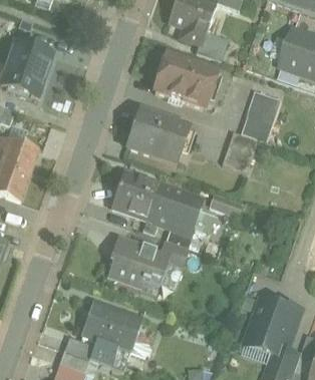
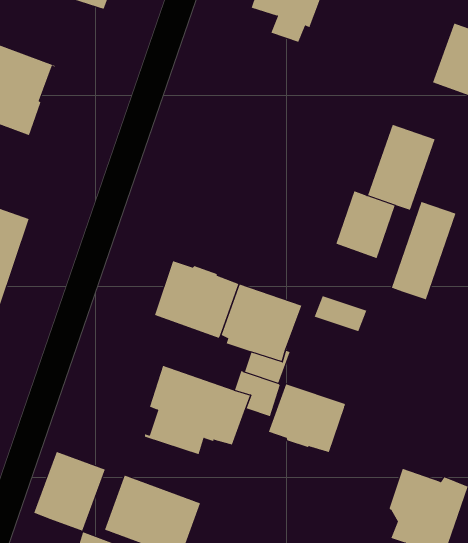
building: [200,30,228,59] -> none
building: [153,53,217,107] -> none
building: [128,110,191,162] -> none
building: none -> [391,201,456,300]
building: none -> [268,384,345,453]
building: none -> [34,451,106,531]

